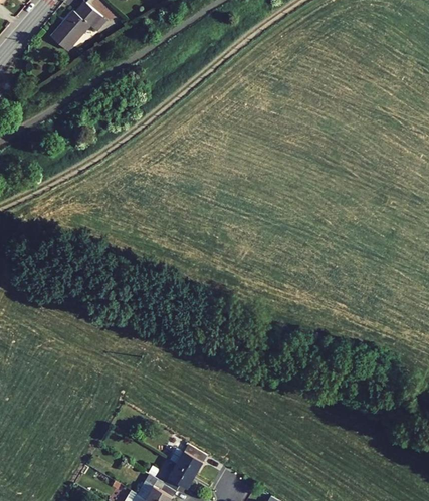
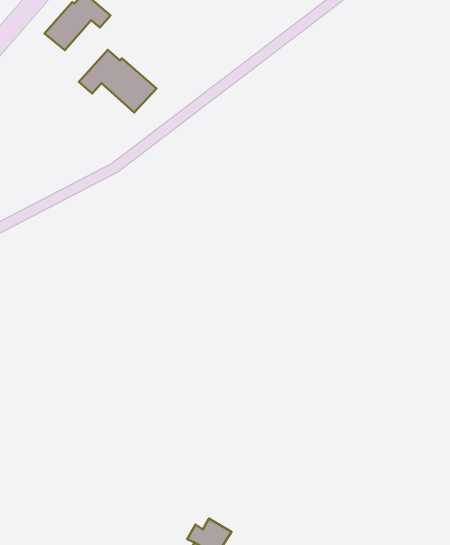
building: none -> [79,50,156,112]

